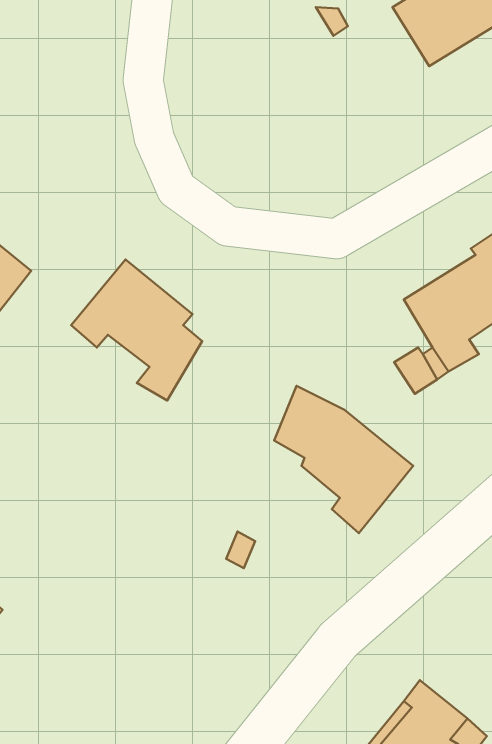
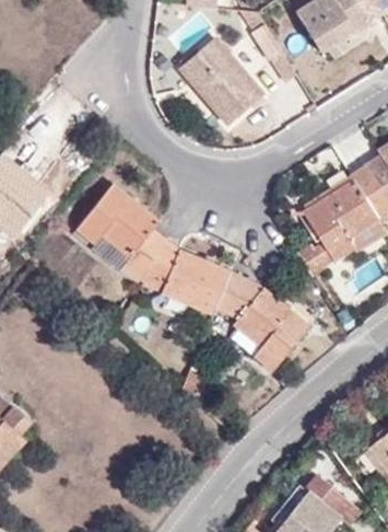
building: none -> [180,38,263,125]
building: none -> [142,240,231,314]

